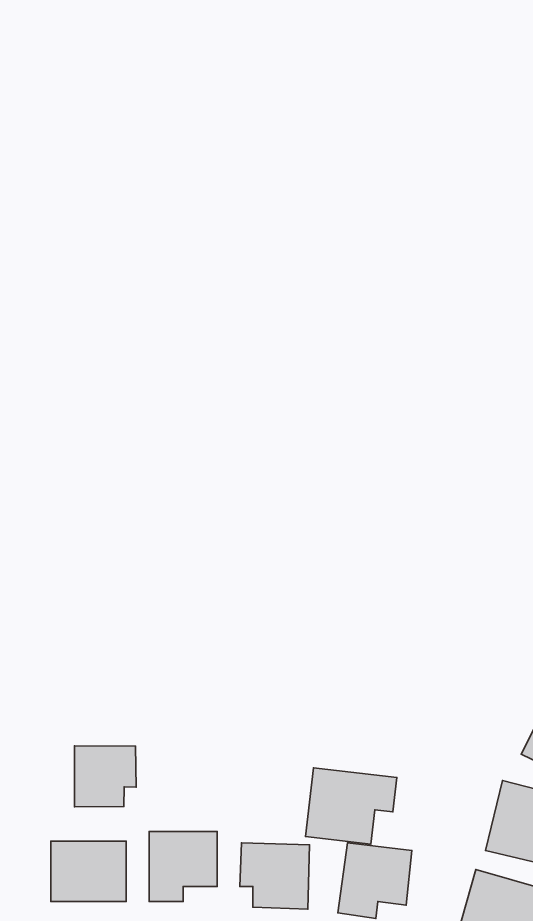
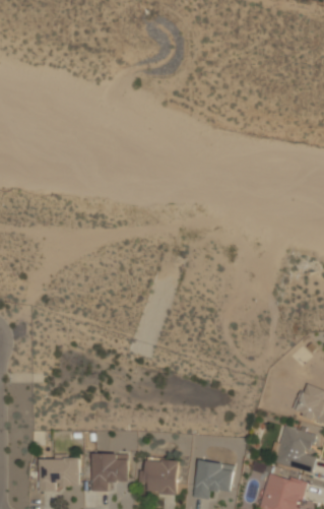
building: [75,746,136,807] -> none
building: [306,768,397,844] -> none

